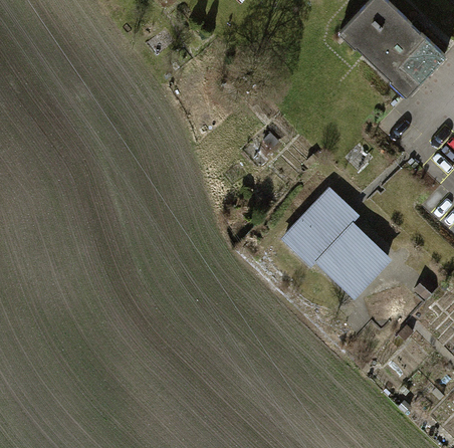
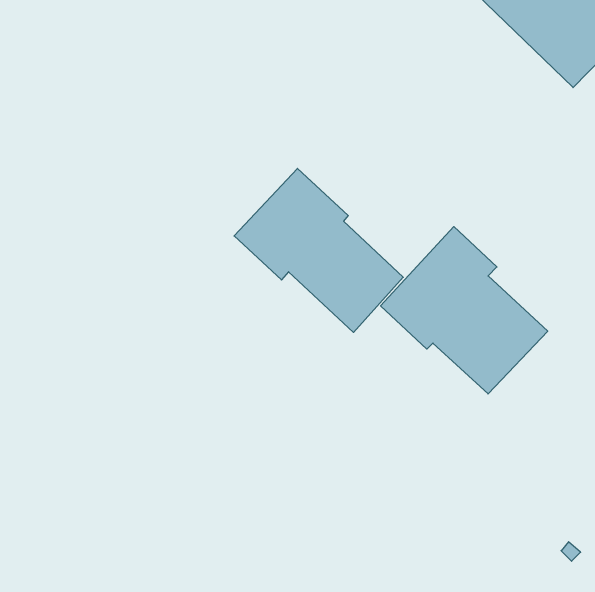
building: none -> [234,168,403,332]

